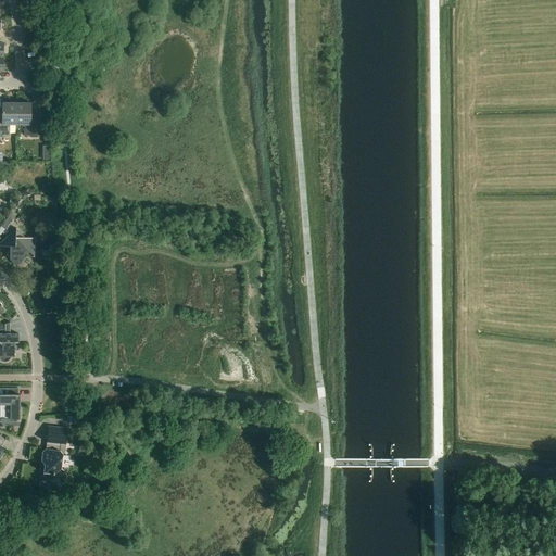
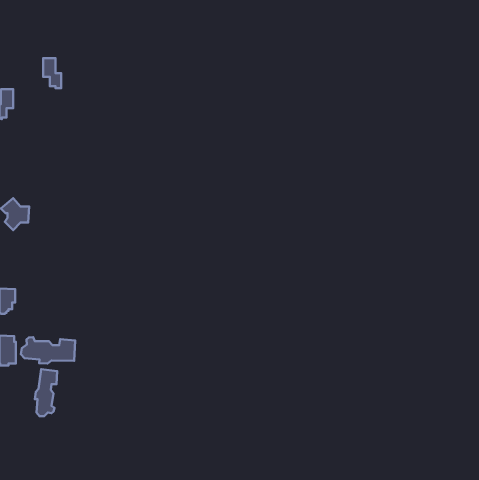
building: [15,103,36,138] -> [43,58,61,88]
building: none -> [21,337,75,363]

